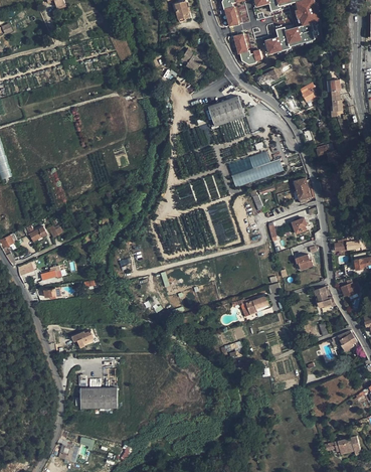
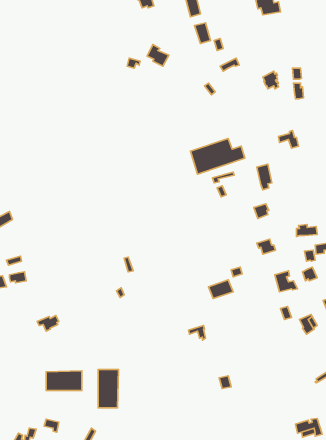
building: [263,26,314,54] -> none
building: [207,96,244,125] -> none
building: none -> [98,370,118,408]

